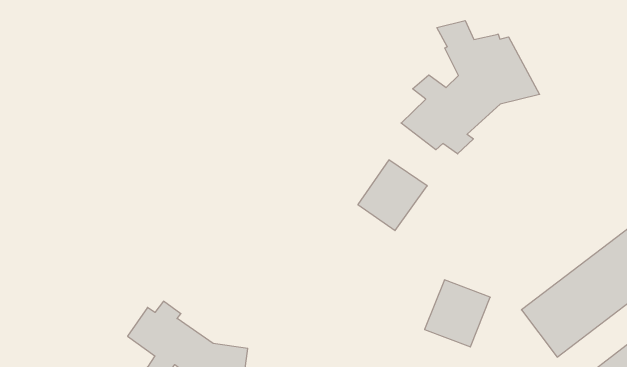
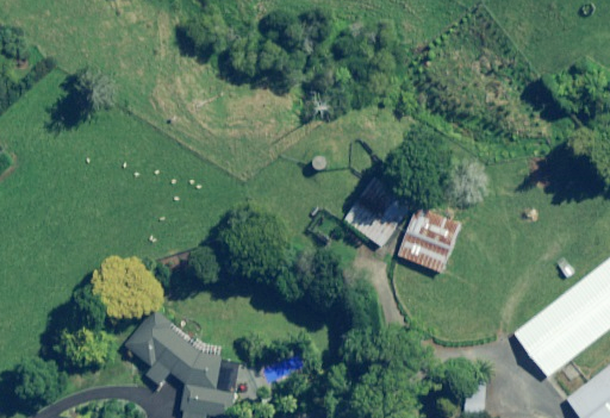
building: [401,21,540,154] -> none
building: [425,280,490,347] -> [402,210,465,274]

